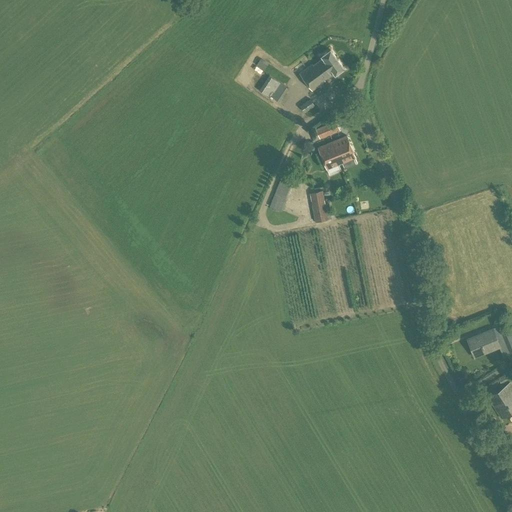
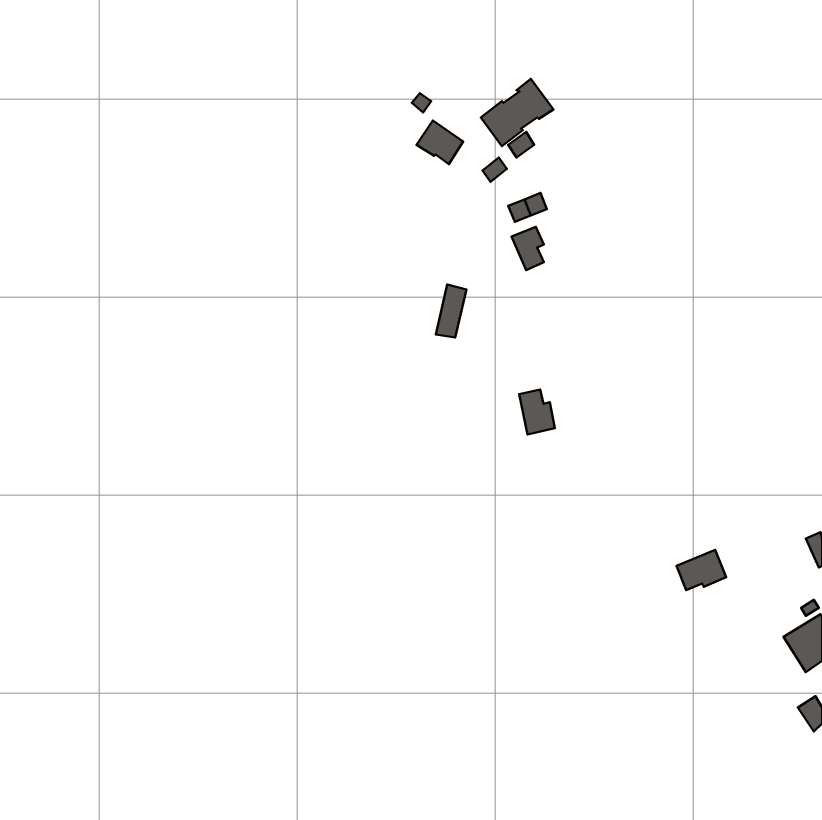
building: [333,136,355,164] -> none
building: [310,195,332,223] -> [519,389,555,434]
building: [468,330,499,355] -> [676,550,726,590]

